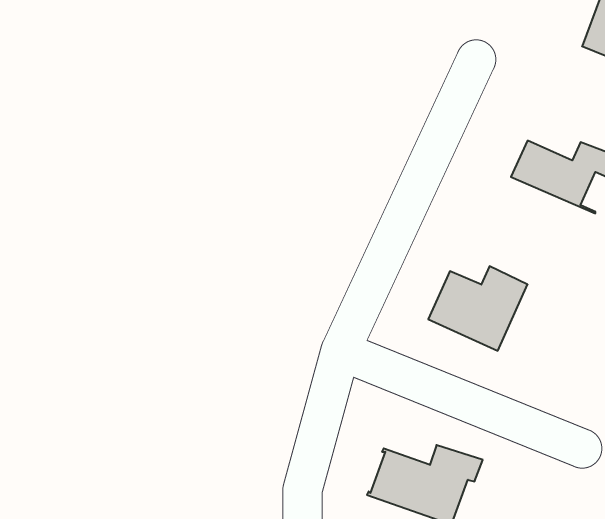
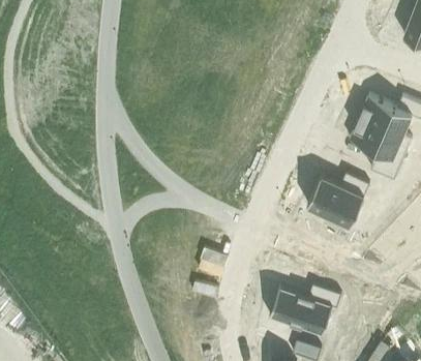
building: none -> [349,118,411,180]

